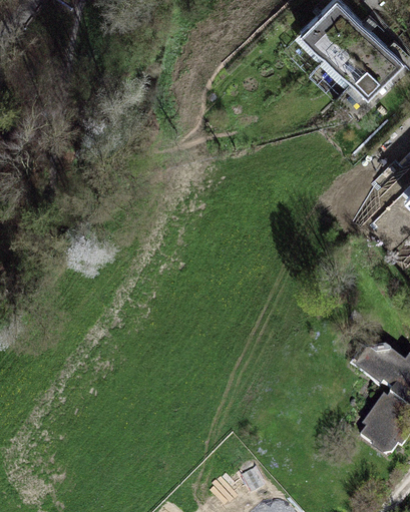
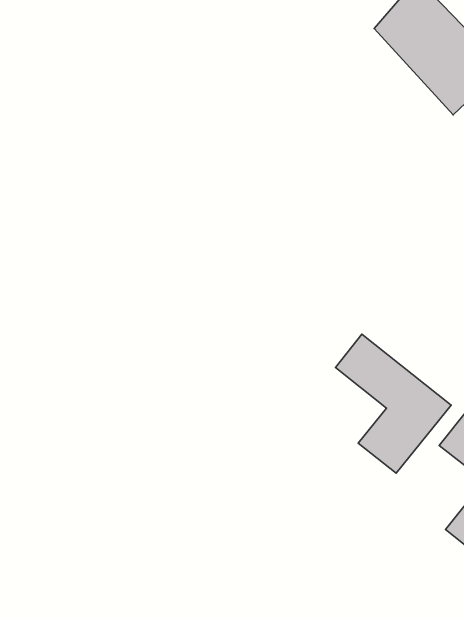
building: none -> [335,334,451,473]

